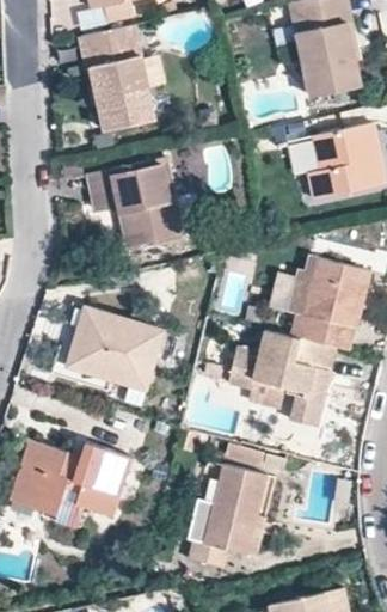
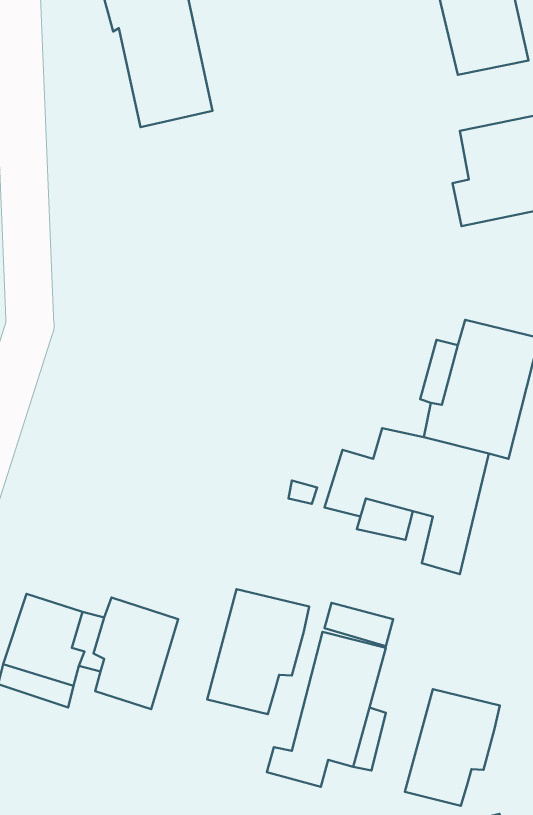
building: [87,158,180,246] -> none
building: [66,307,160,388] -> none
building: none -> [207,589,309,714]
building: none -> [405,689,500,806]

